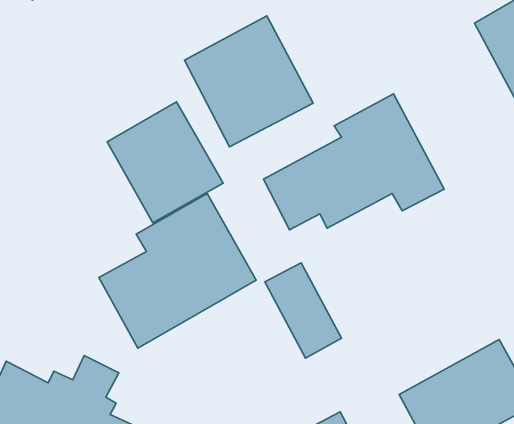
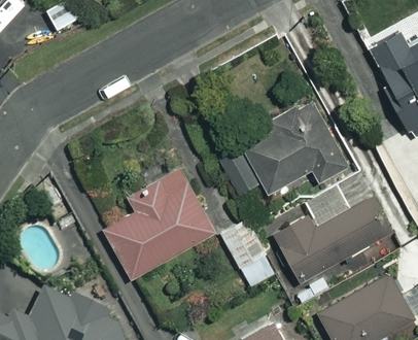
building: [184,16,313,147] -> none
building: [107,102,223,223] -> none
building: none -> [273,182,389,281]

